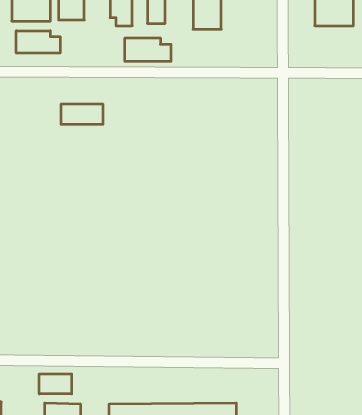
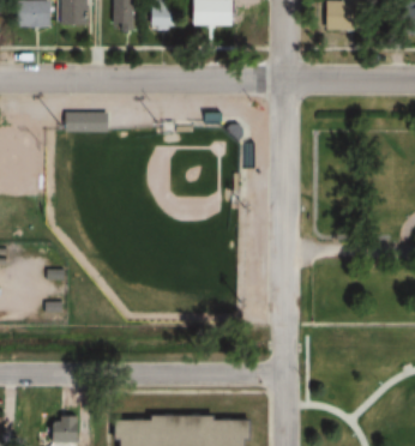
building: [16,31,60,53] -> none
building: [125,38,171,61] -> none
building: [39,374,72,394] -> none

